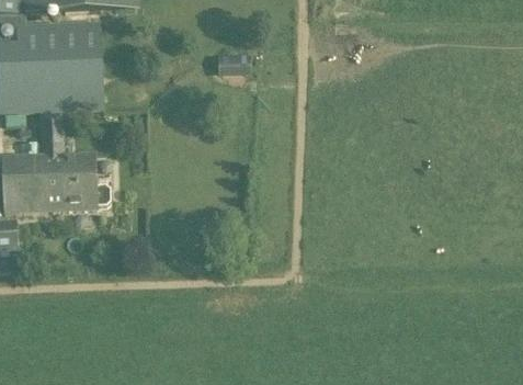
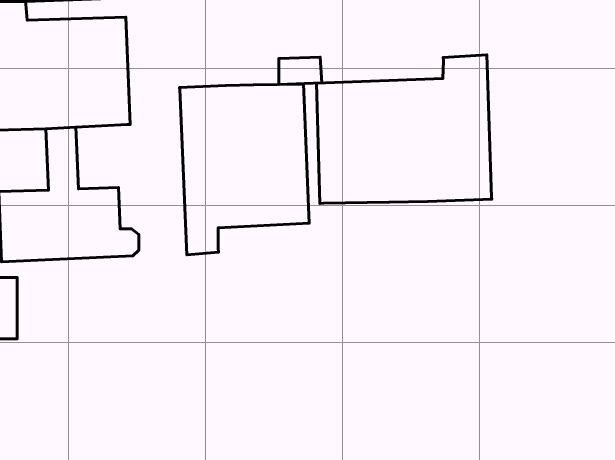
building: none -> [317,55,492,203]
building: none -> [180,84,309,255]

